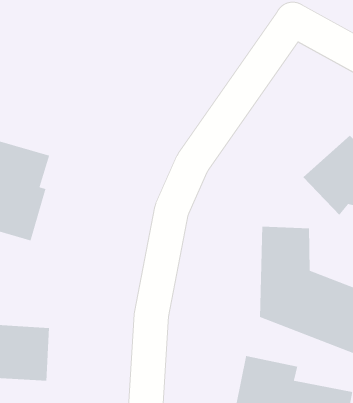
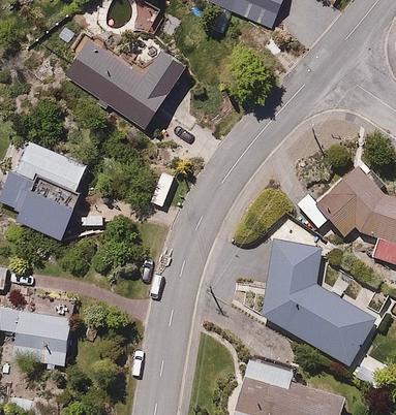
building: none -> [63,31,190,128]

